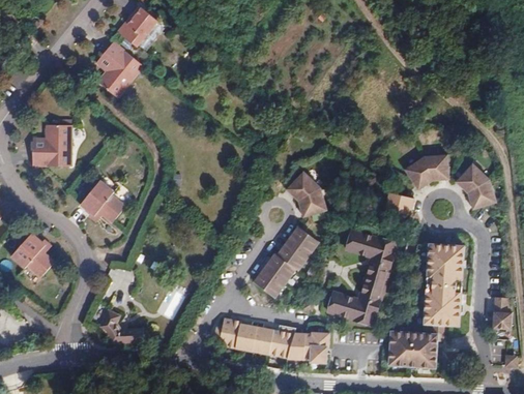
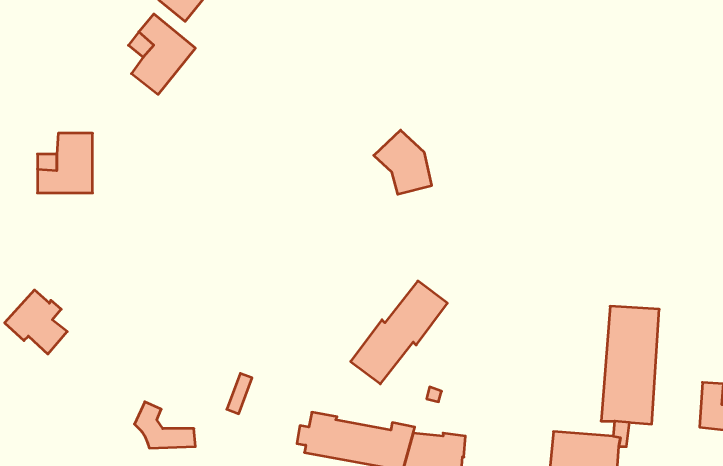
building: [406,154,452,189] -> none
building: [458,163,498,208] -> none
building: [286,173,326,217] -> [374,130,432,194]
building: [79,180,124,221] -> none
building: [385,192,414,214] -> none
building: [326,230,396,326] -> none

